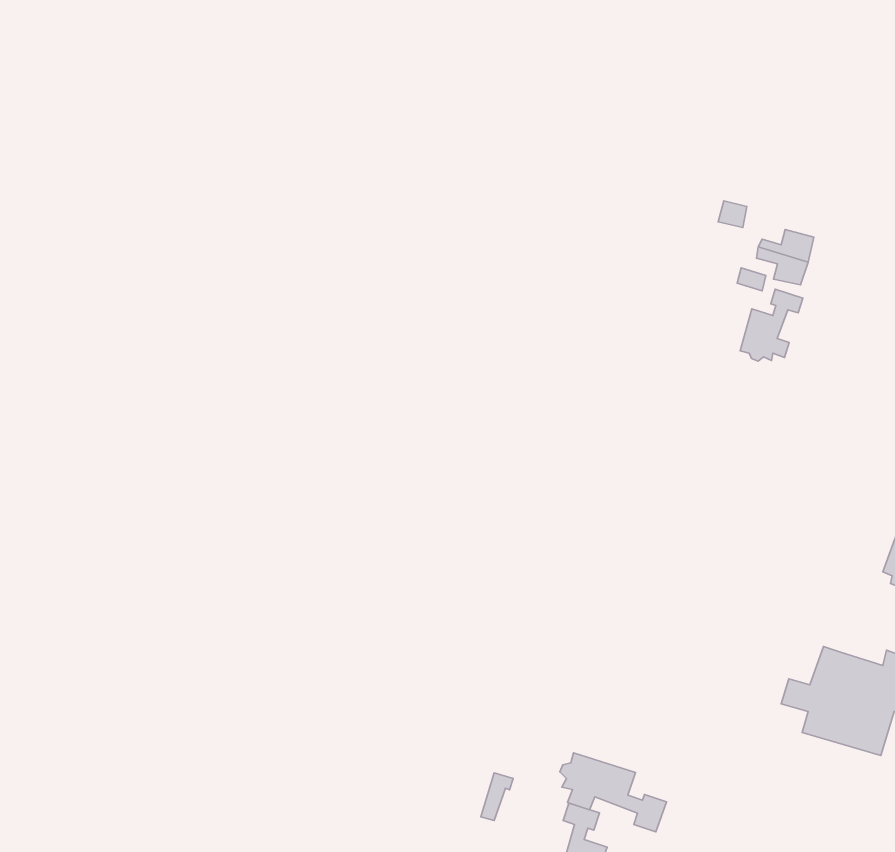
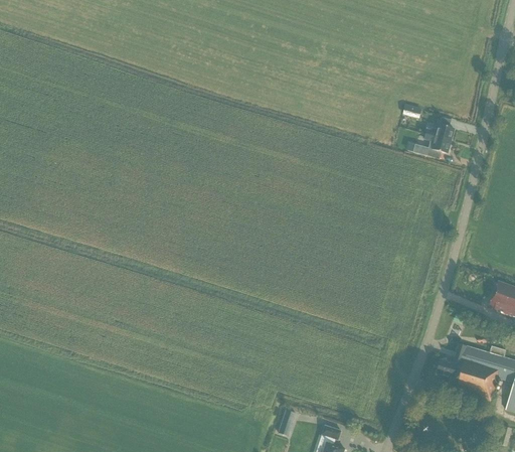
building: [740,289,803,361] -> none
building: [560,753,667,832] -> none

